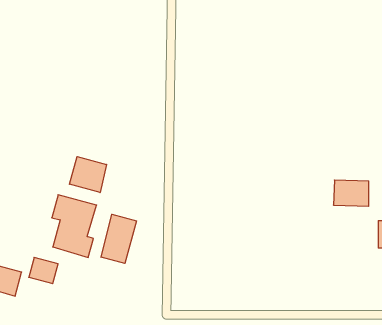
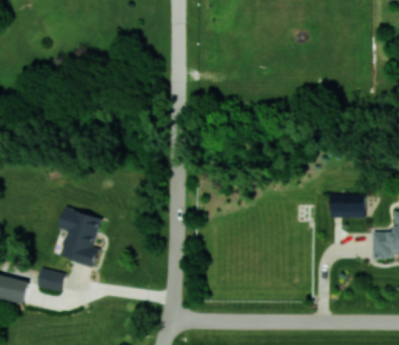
building: [69,157,107,193] -> none
building: [101,214,136,263] -> none

